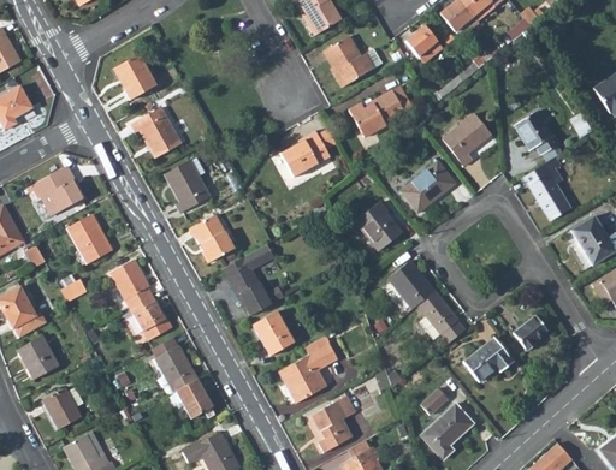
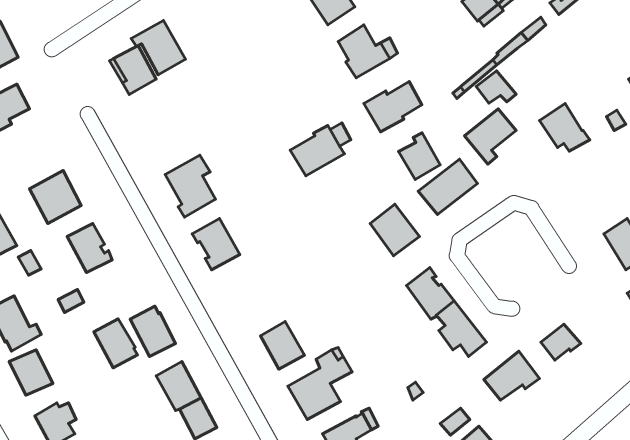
building: [407,25,444,55] -> [476,71,516,103]
building: [130,107,180,157] -> [131,21,185,75]
building: none -> [398,133,440,180]
building: [525,156,570,219] -> none
building: [221,244,273,309] -> none
building: [113,263,154,309] -> [94,319,138,368]

